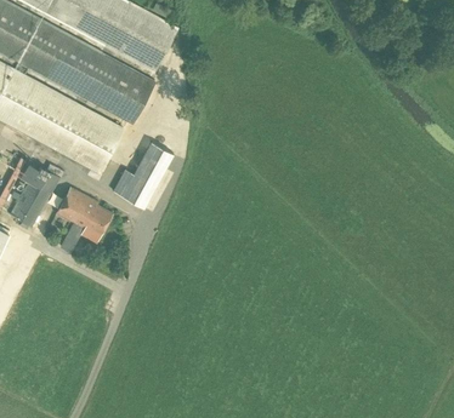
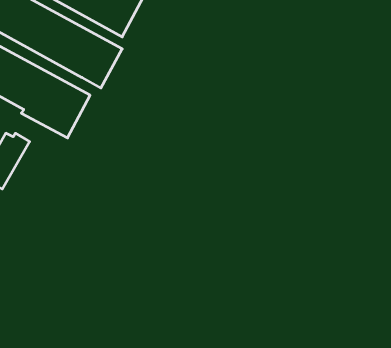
building: [112,142,171,207] -> none
building: [55,187,110,239] -> none

